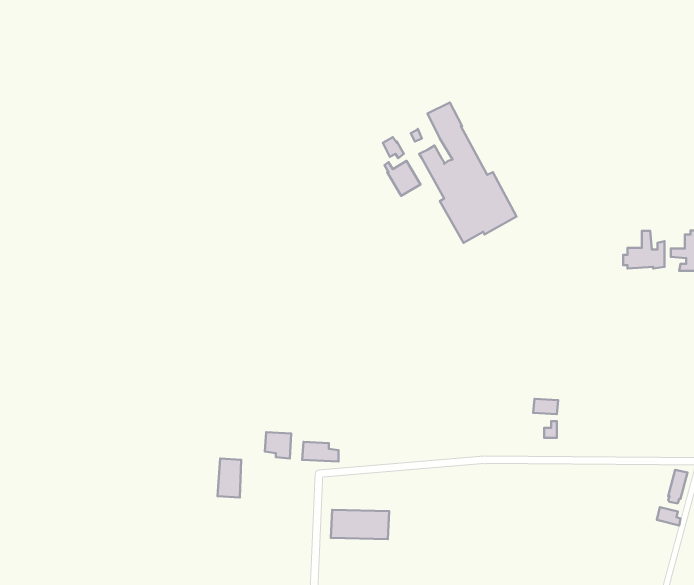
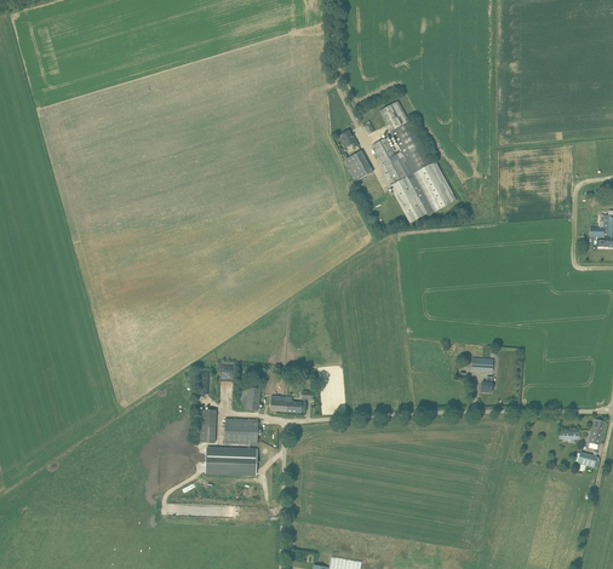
building: [623,231,664,268] -> none
building: none -> [223,419,257,443]
building: [331,510,389,539] -> [205,448,256,473]

